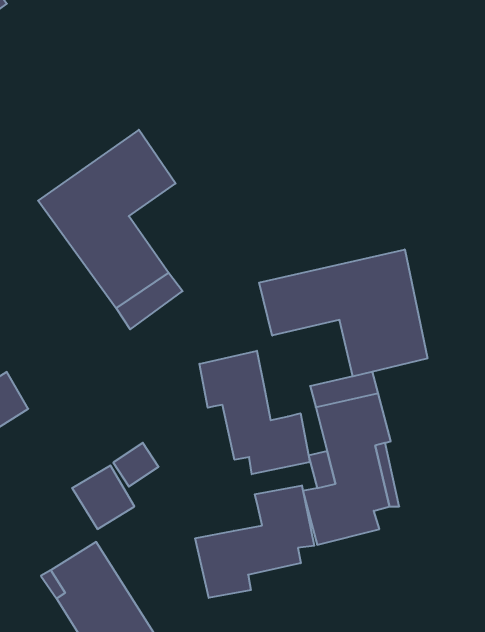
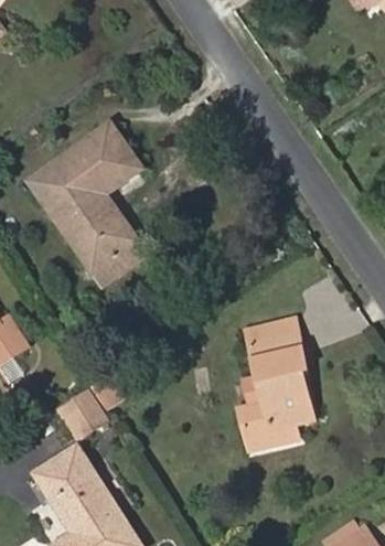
building: [259,249,427,376] -> none
building: [199,351,310,474] -> none
building: [195,485,314,598] -> none

